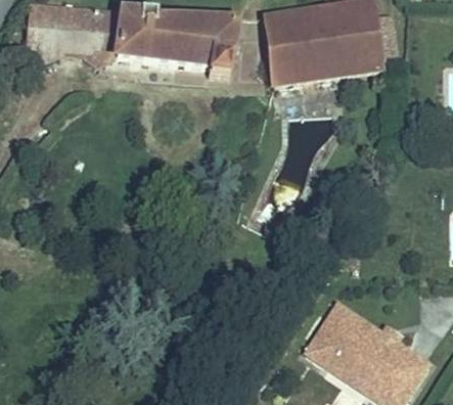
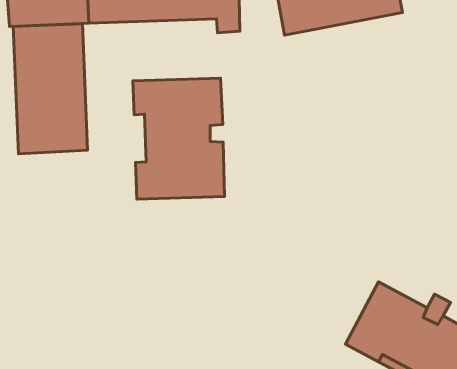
building: none -> [13,24,88,154]
building: none -> [133,78,224,199]

